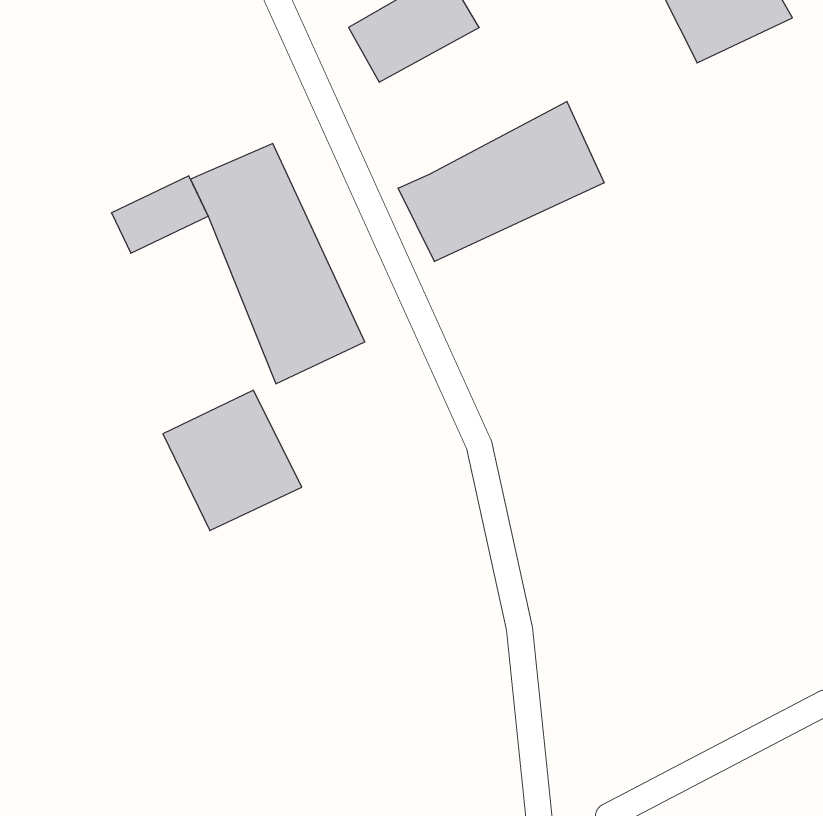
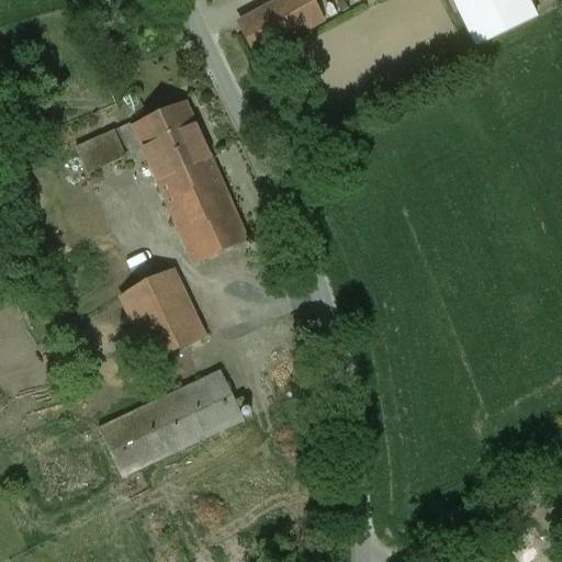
building: [398,101,604,262] -> none
building: none -> [99,367,243,474]

